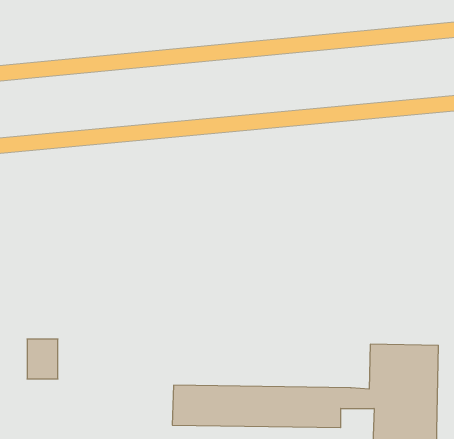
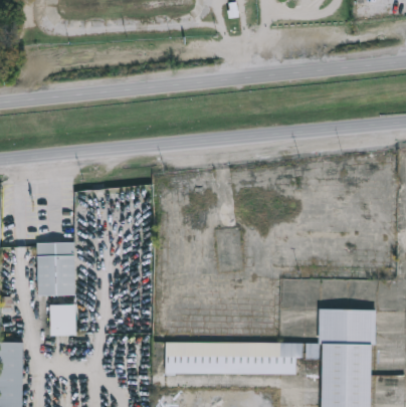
building: none -> [36,243,74,296]

